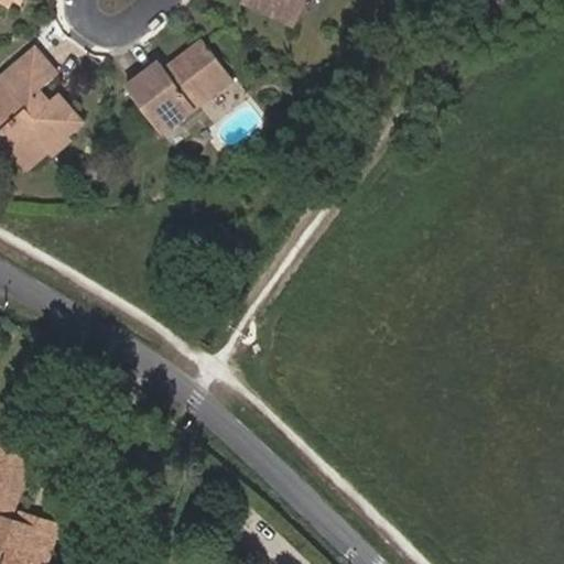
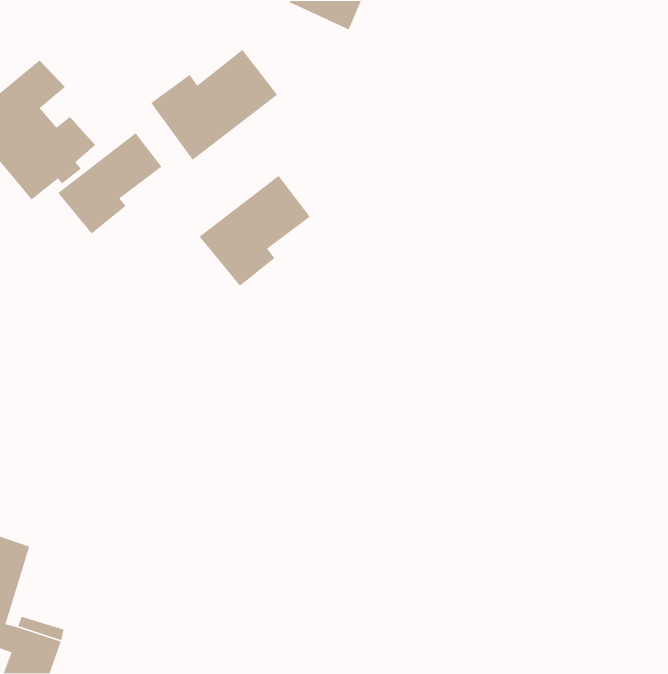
building: none -> [57,132,163,234]
building: none -> [199,175,311,287]

